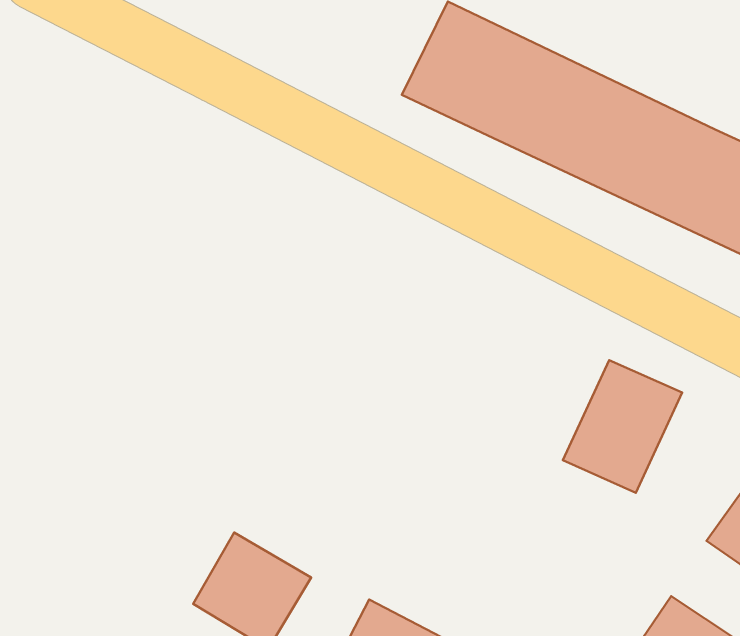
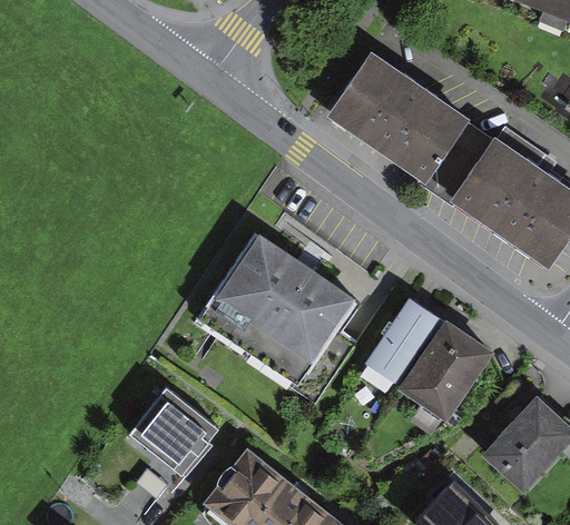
building: none -> [206,234,357,379]
building: none -> [370,299,441,382]

